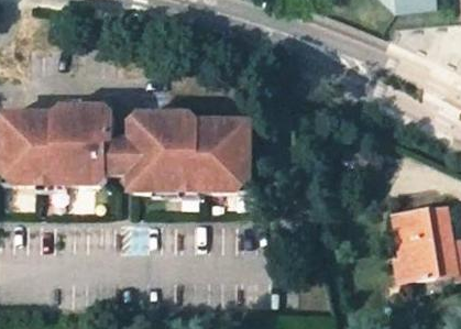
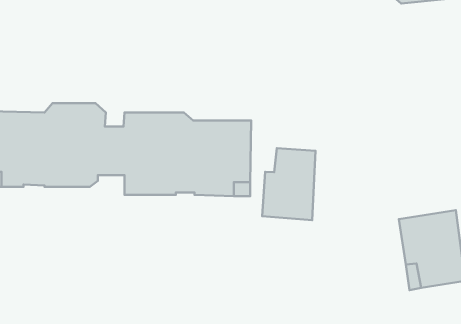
building: none -> [262,148,315,220]

